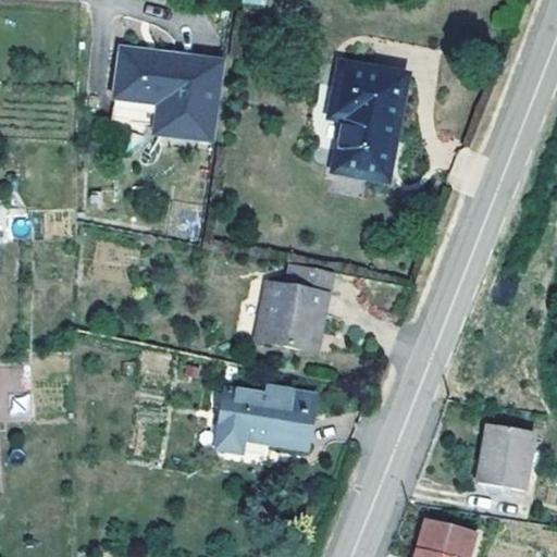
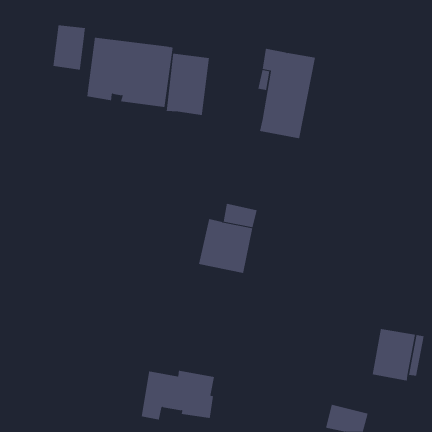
building: none -> [53,24,86,71]
building: none -> [166,53,209,116]
building: [216,385,311,449] -> [141,370,215,420]

